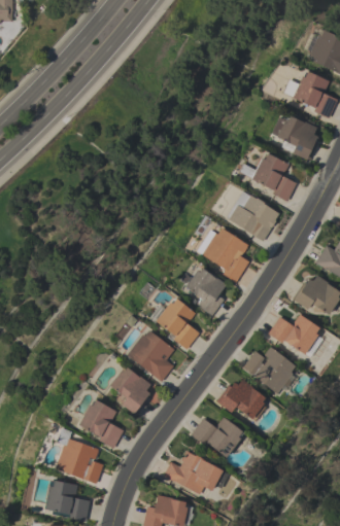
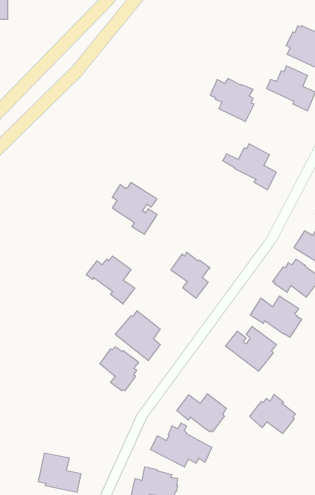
building: [272,115,318,161] -> [210,79,254,122]
building: [228,191,273,241] -> none
building: [202,227,249,282] -> [112,183,157,234]
building: [148,299,200,349] -> [86,256,135,304]
building: [217,378,266,419] -> [250,395,295,434]
building: [79,399,124,448] -> none
building: [56,427,104,484] -> none

